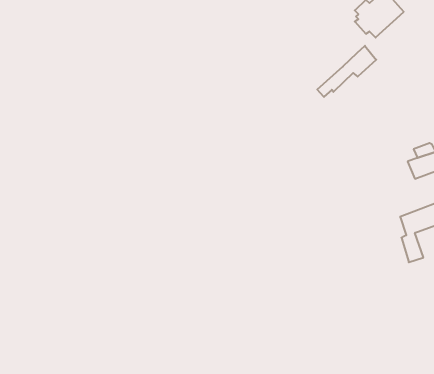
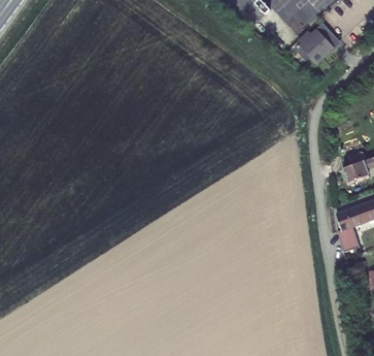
building: [317,46,376,97] -> none

